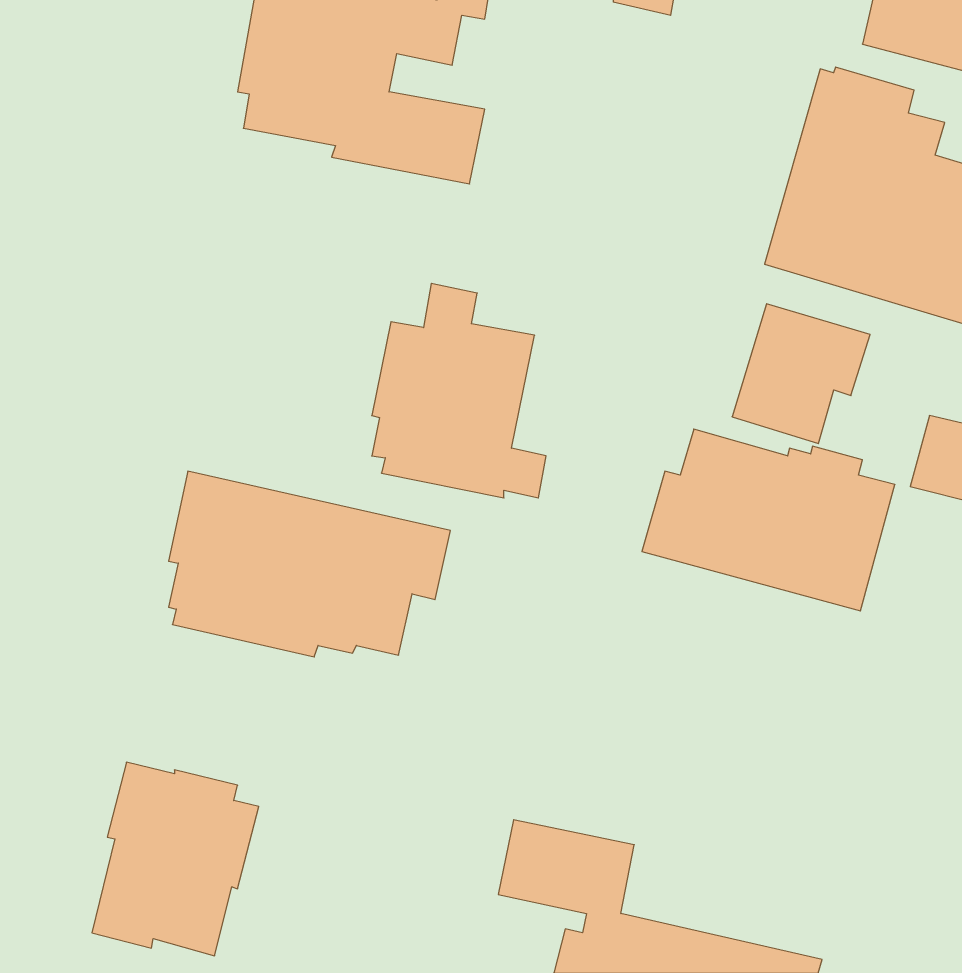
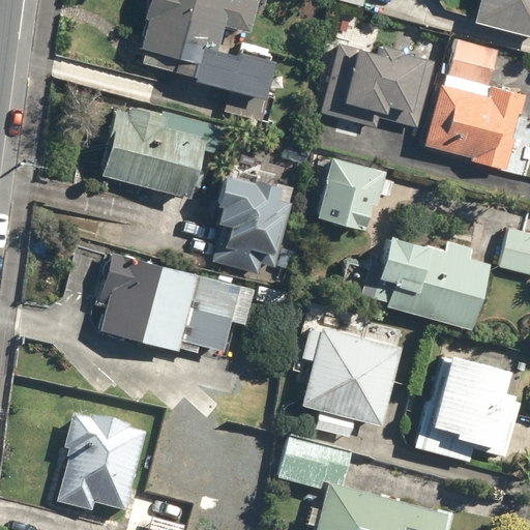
building: none -> [319,21,435,126]
building: none -> [101,105,222,198]
building: [732,304,870,444] -> [317,157,391,233]
building: none -> [299,323,406,437]
building: none -> [416,351,522,462]

